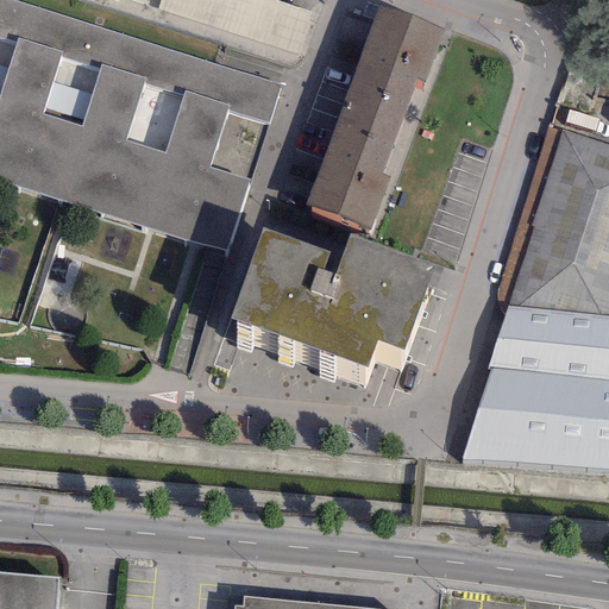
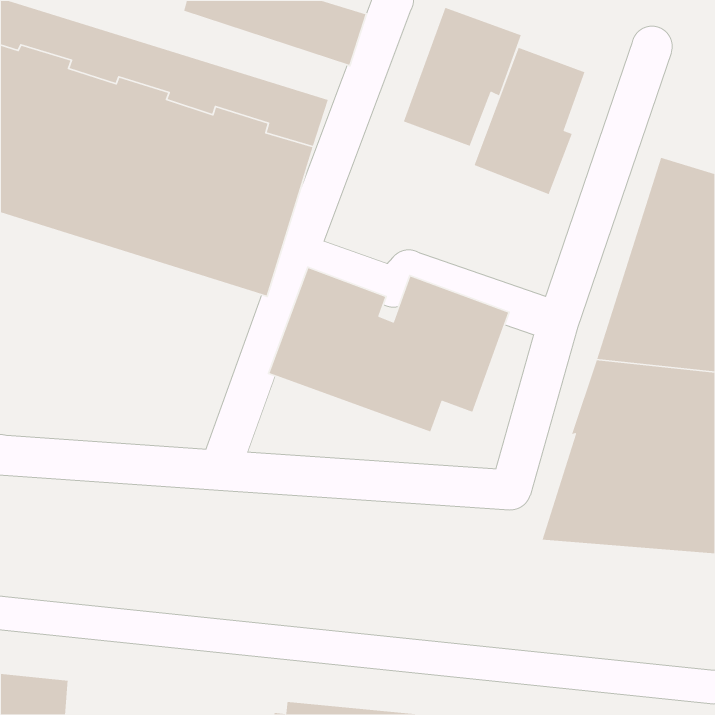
building: [304,103,400,230] -> [474,47,585,195]

